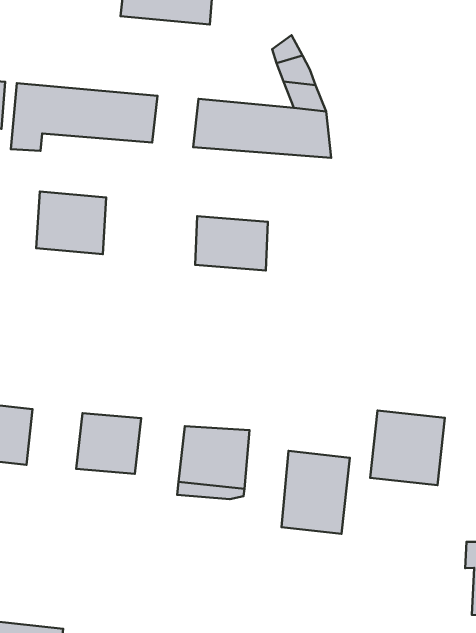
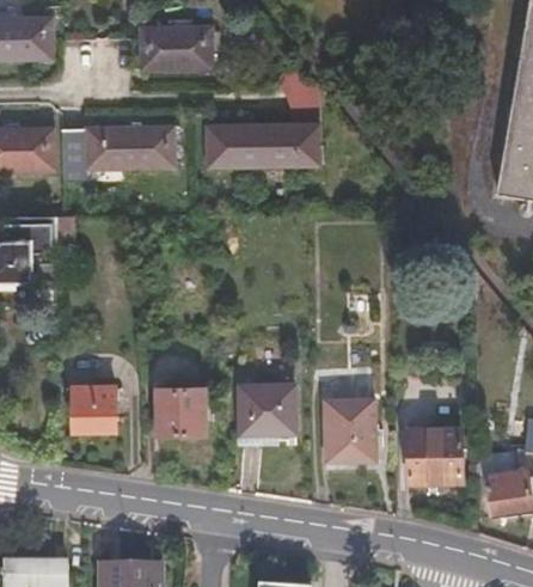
building: [36,191,106,254] -> none
building: [195,216,268,270] -> none
building: [370,410,445,485] -> [400,430,455,485]

